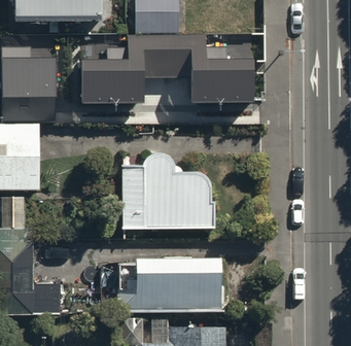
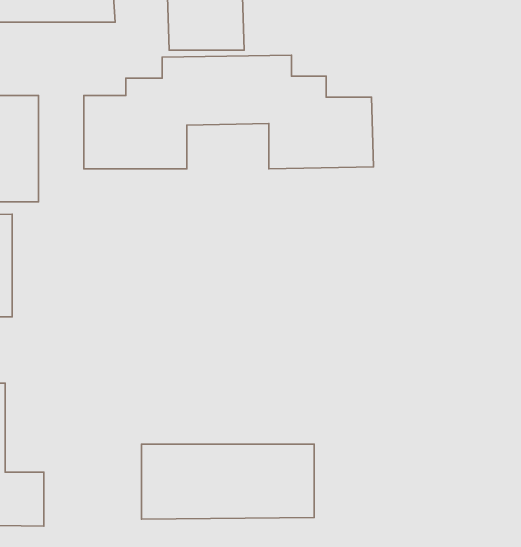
building: [122,153,216,229] -> none

